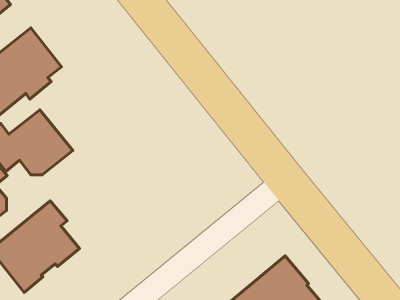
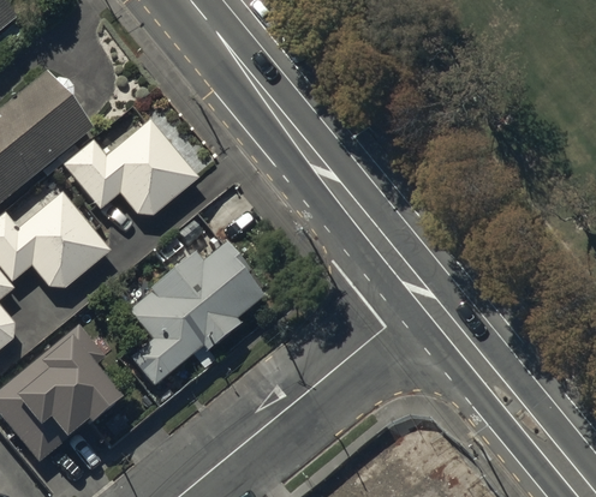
building: none -> [61,120,197,216]
building: none -> [126,244,262,385]

